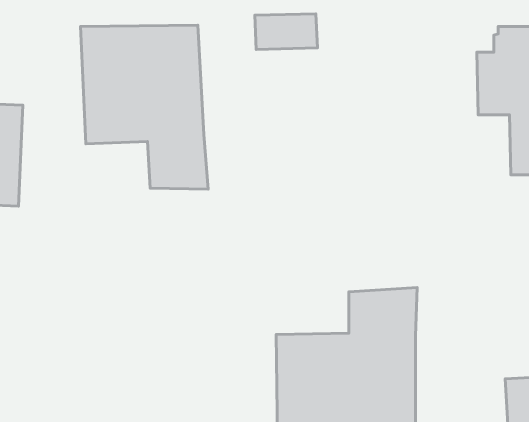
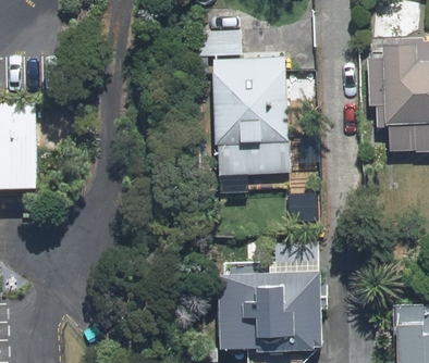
building: [80,25,208,189] -> none
building: none -> [213,59,293,178]

